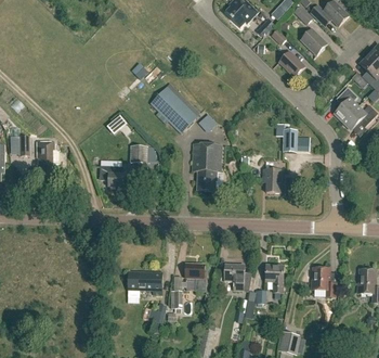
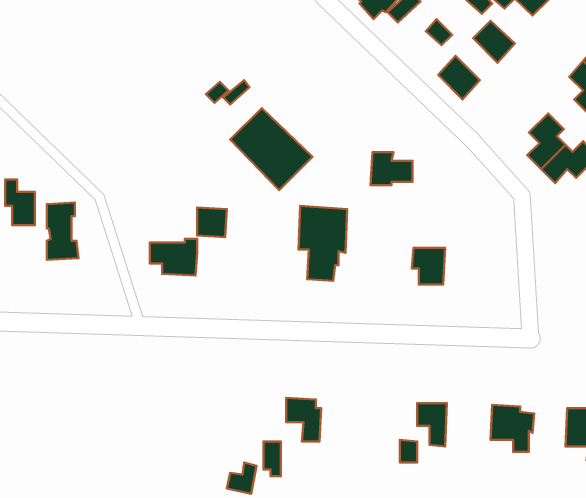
building: [284,130,310,151] -> [371,152,413,185]
building: [225,265,252,291] -> none
building: [129,270,164,299] -> none

